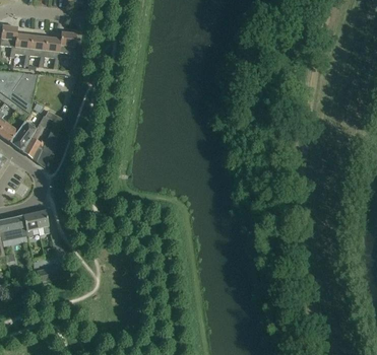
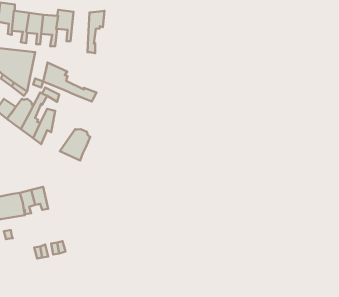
building: none -> [87,11,104,53]
building: none -> [43,62,96,101]
building: none -> [60,129,90,161]

